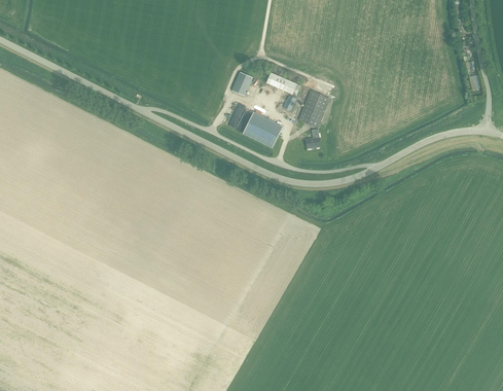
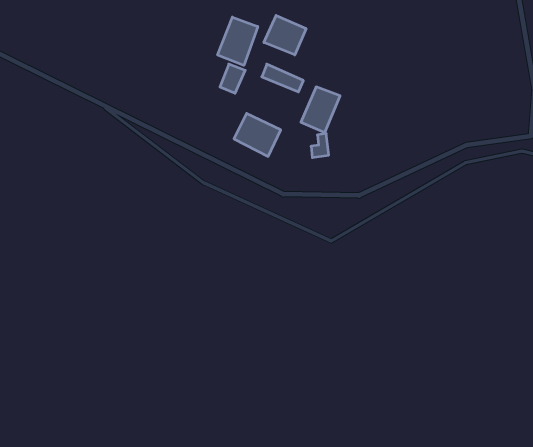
building: none -> [264,15,306,55]
building: none -> [218,17,258,65]

